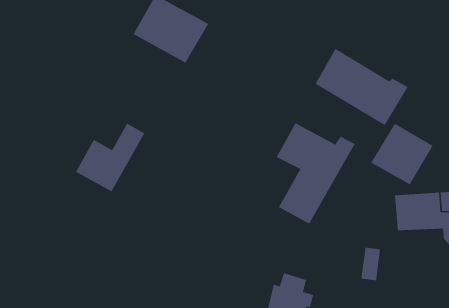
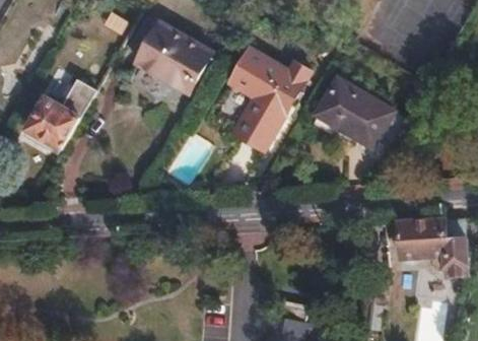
building: [276,122,355,224] -> [230,48,310,149]
building: [370,123,433,185] -> none
building: [75,123,145,192] -> [23,81,93,150]

